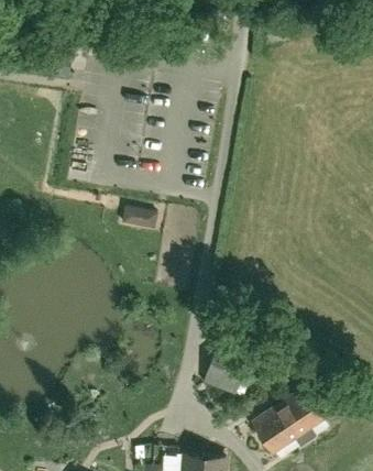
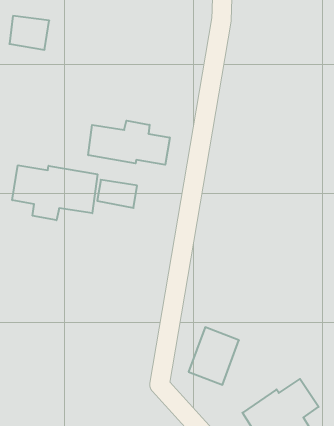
building: none -> [88,121,170,165]
building: none -> [12,165,97,220]

